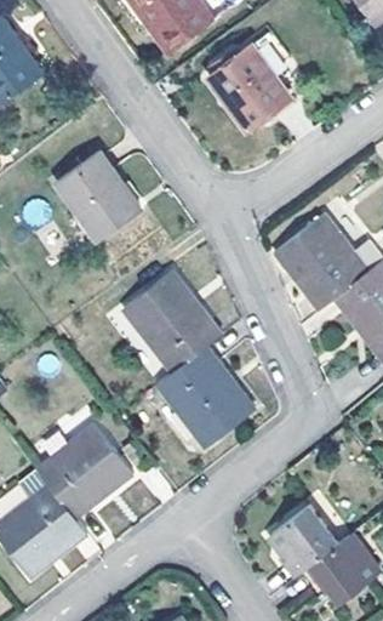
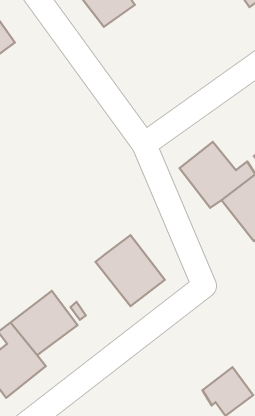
building: [208,29,292,127] -> none
building: [56,150,142,240] -> none
building: [124,269,222,371] -> none
building: [269,505,338,577] -> none

